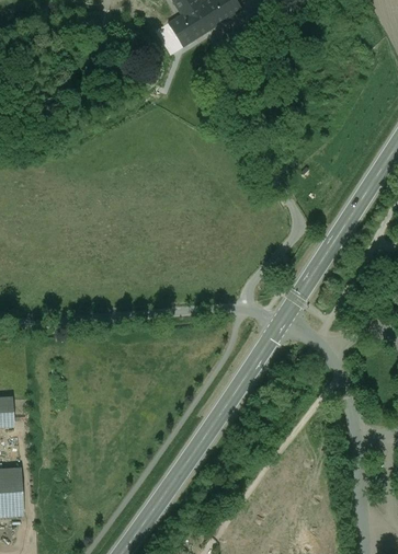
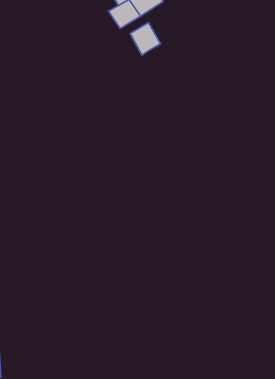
building: none -> [130,22,160,55]

